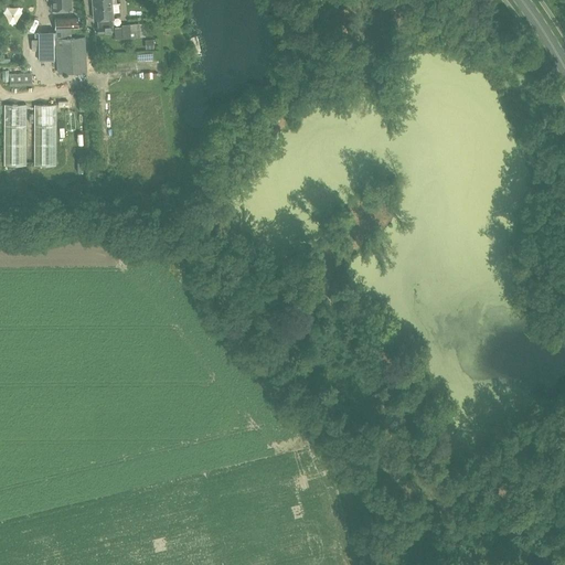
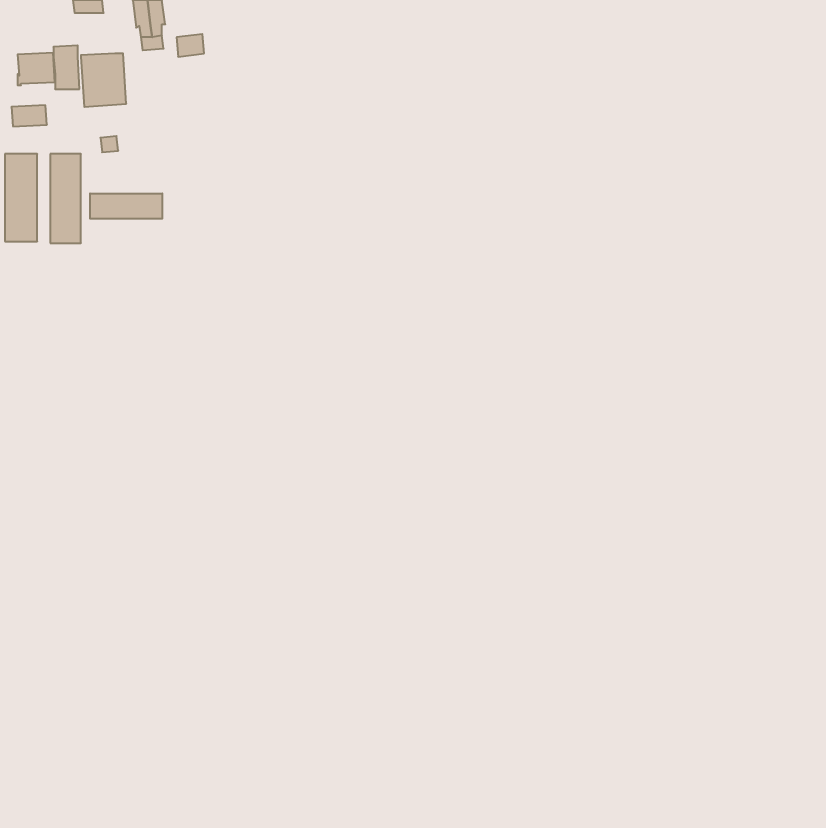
building: [53,17,78,39] -> [18,53,55,85]
building: none -> [90,193,162,219]

